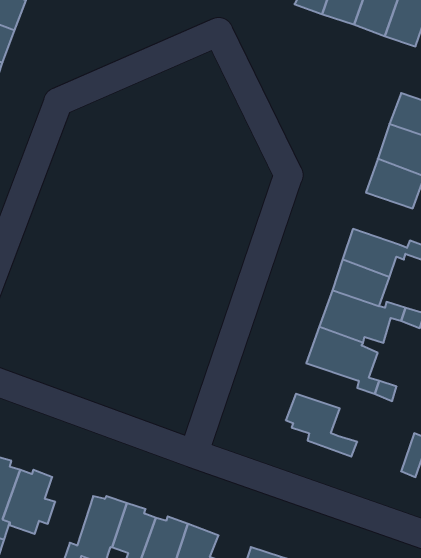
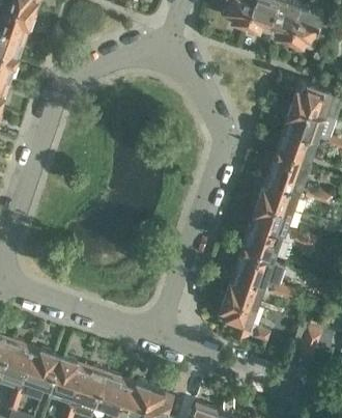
building: none -> [267,151,310,189]
building: none -> [227,273,272,305]
building: none -> [49,357,83,402]

